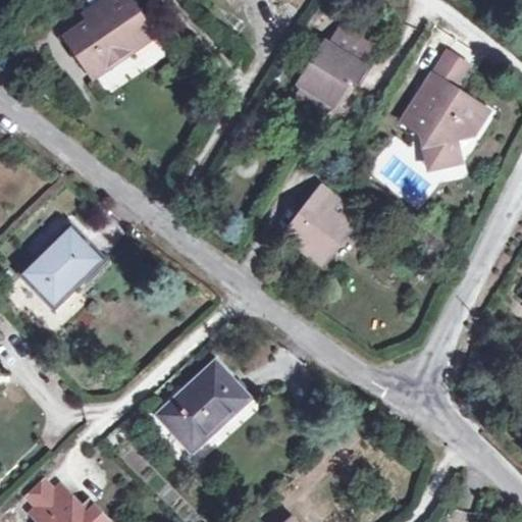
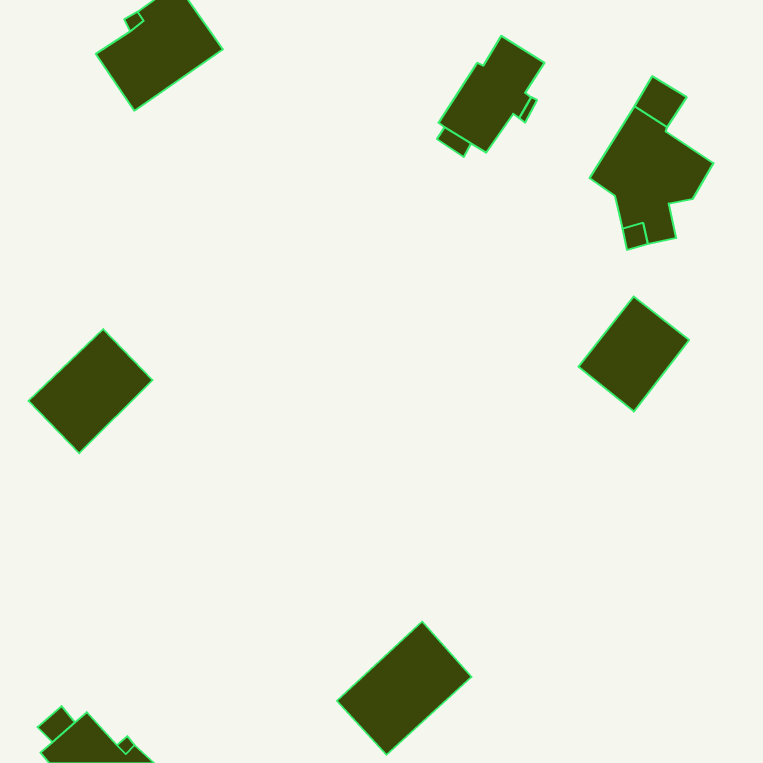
building: [283,187,359,265] -> [578,296,689,412]
building: [157,361,249,452] -> [337,622,472,755]

